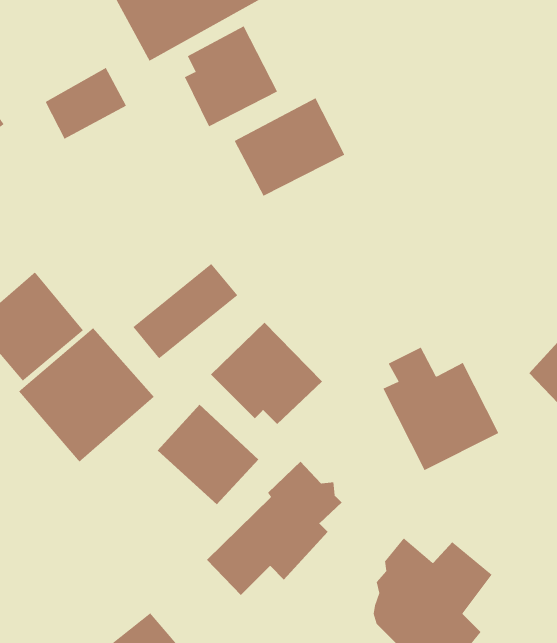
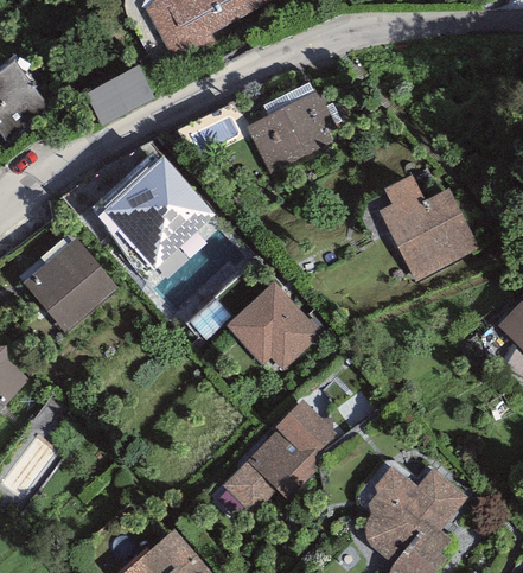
building: [184,26,278,127] -> none
building: [18,327,154,462] -> [100,154,216,269]
building: [382,347,499,471] -> [378,173,478,279]
building: [157,404,259,505] -> none

